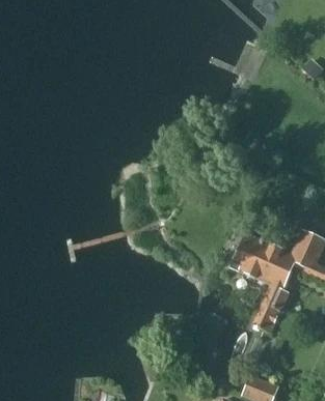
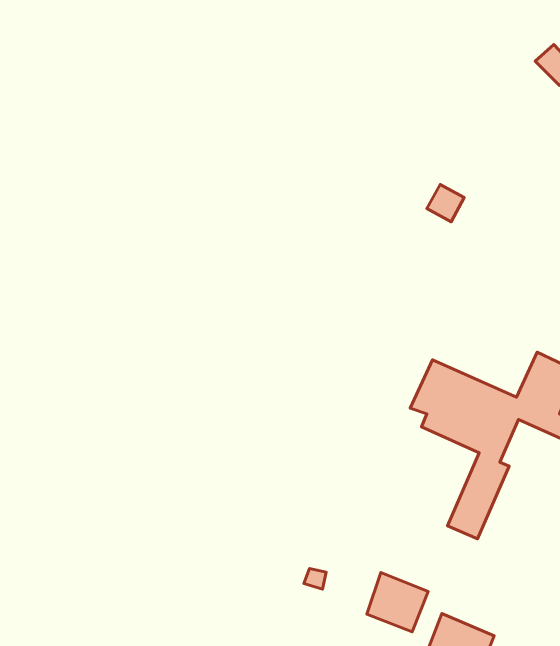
building: none -> [367,572,428,632]

